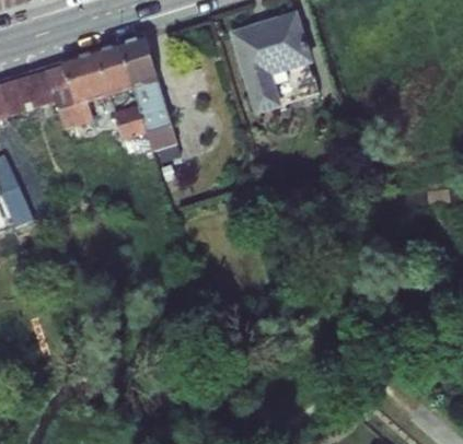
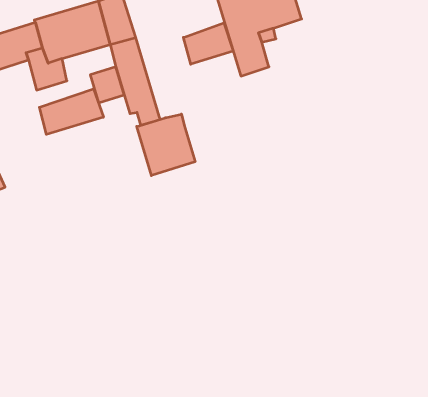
building: none -> [183,23,233,64]
building: none -> [39,89,103,134]
building: none -> [137,114,195,176]

